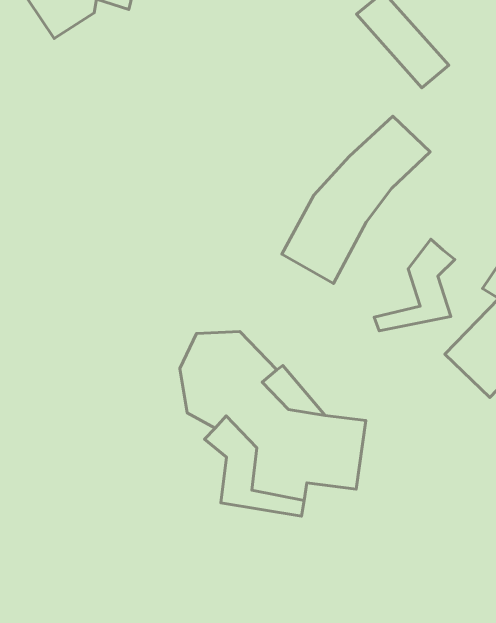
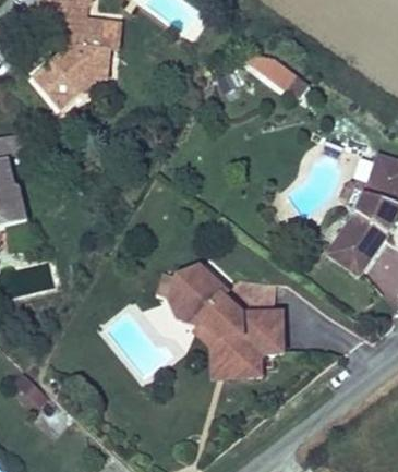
building: [282,116,430,283] -> none
building: [374,239,455,331] -> none

